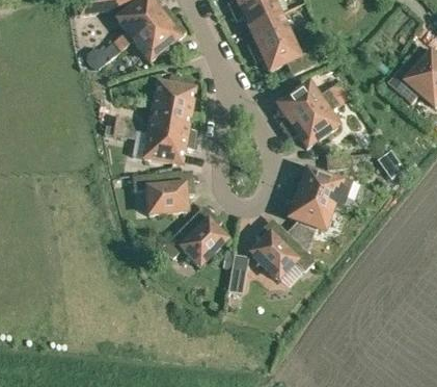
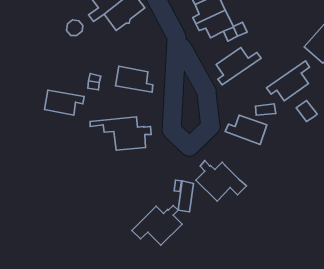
building: [153,74,195,113] -> none
building: [284,96,339,147] -> [266,61,309,101]
building: [144,131,195,163] -> [44,90,84,115]
building: [285,189,333,251] -> none
building: [162,214,226,265] -> [132,205,182,245]

